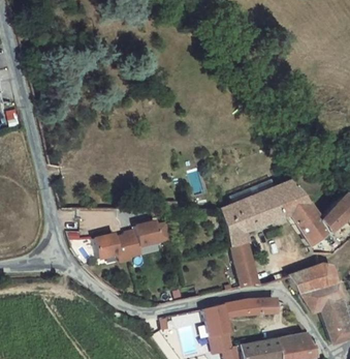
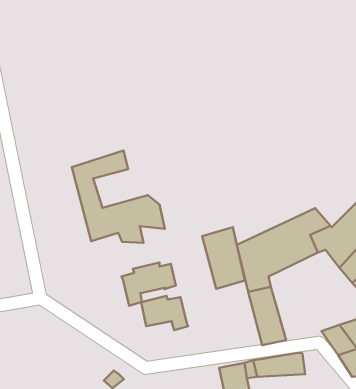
building: none -> [72,151,165,243]
building: none -> [202,227,245,289]
building: [94,235,132,263] -> [141,296,188,330]

